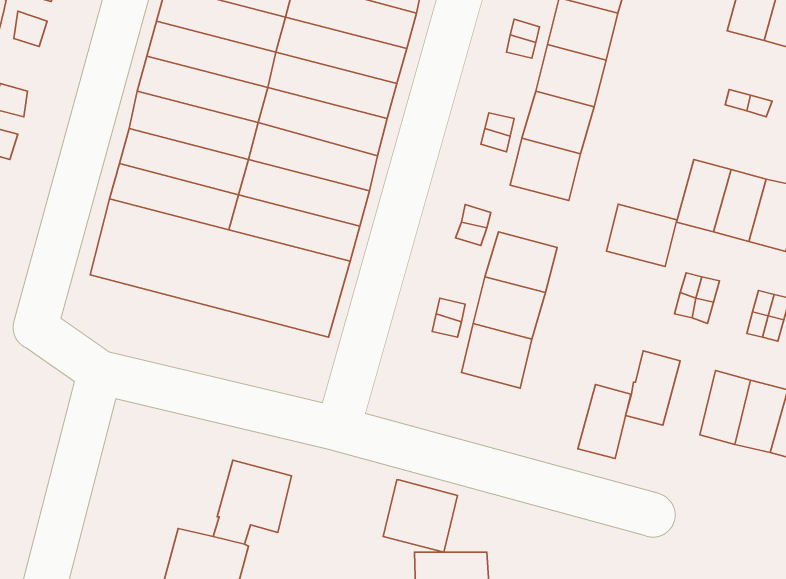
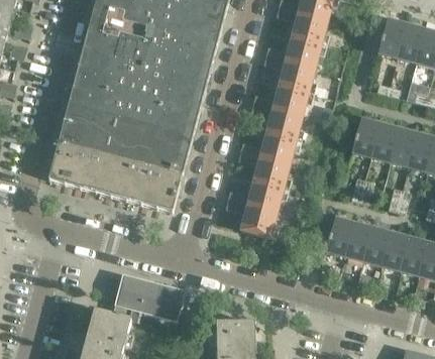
building: [607,204,677,267] -> [259,132,296,164]
building: [578,384,631,459] -> [344,223,371,261]
building: [383,480,457,552] -> [145,282,184,320]

